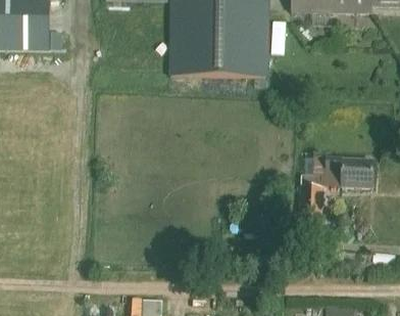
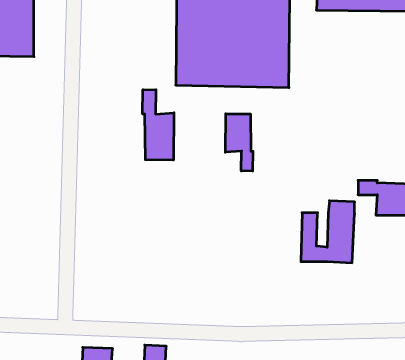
building: none -> [143,90,174,160]
building: none -> [225,114,253,171]

